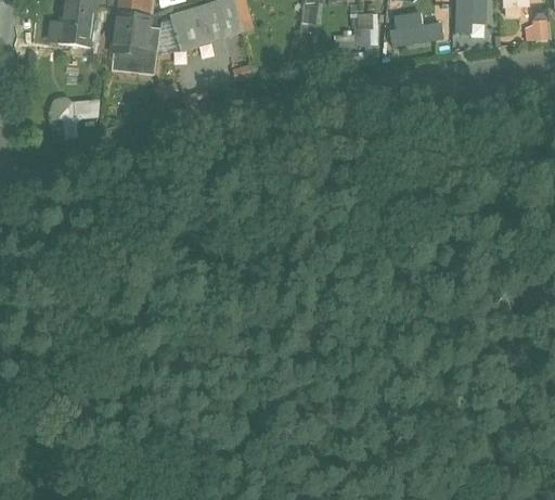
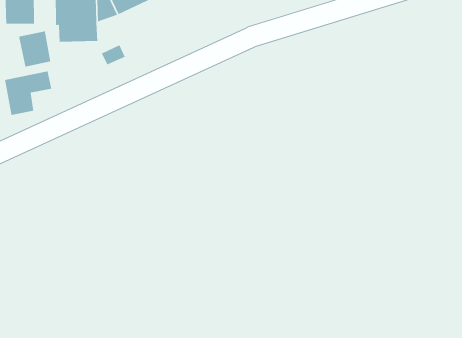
building: none -> [18,31,51,67]

